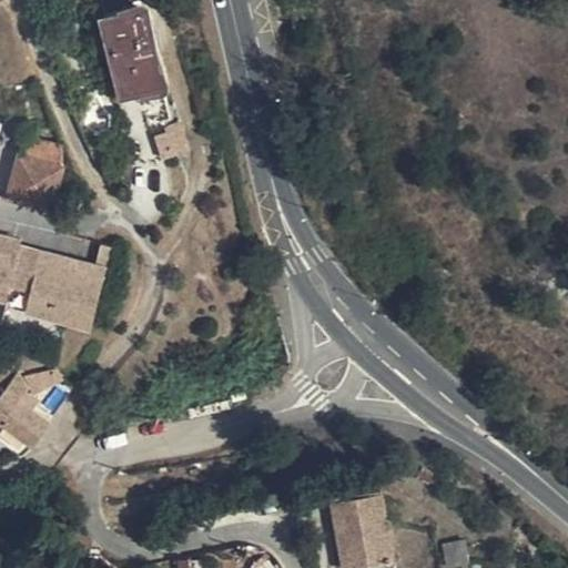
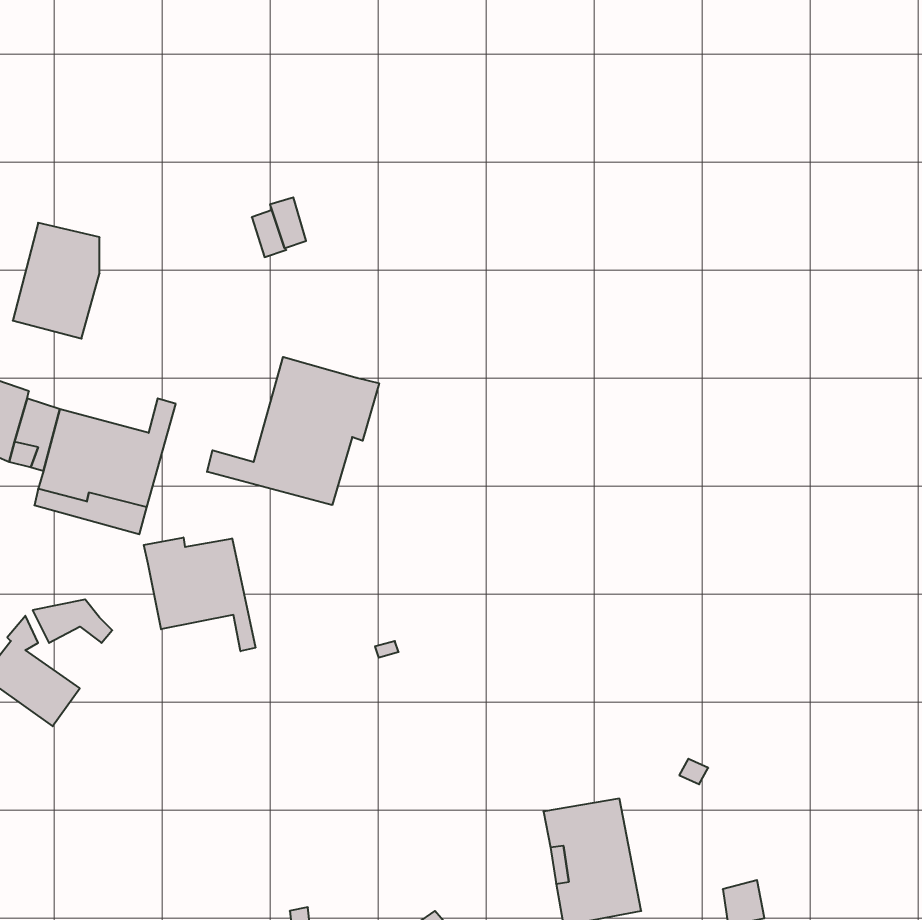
building: [102,11,161,98] -> none
building: none -> [207,357,379,505]
building: none -> [144,537,255,651]

